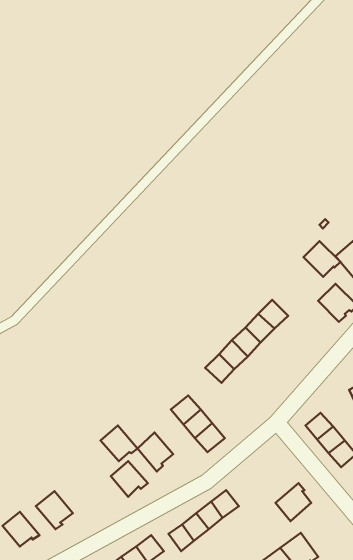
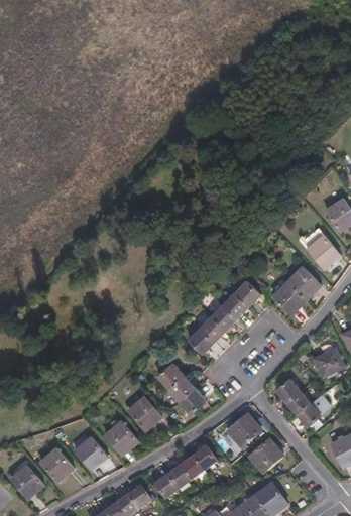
building: [304,241,340,277] -> [272,281,305,312]
building: [100,426,137,461] -> [74,437,106,469]
building: none -> [226,416,260,448]

